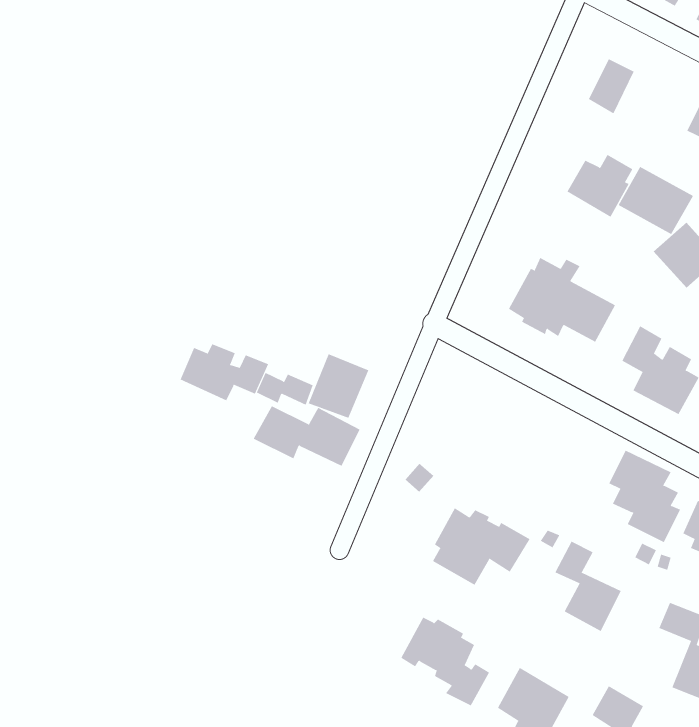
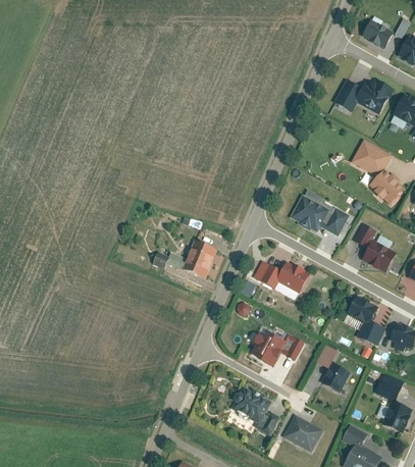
building: [566,154,633,217] -> [354,82,391,116]
building: [180,343,269,401] -> none
building: [253,405,360,467] -> [249,260,308,294]

